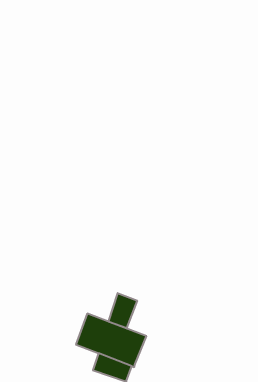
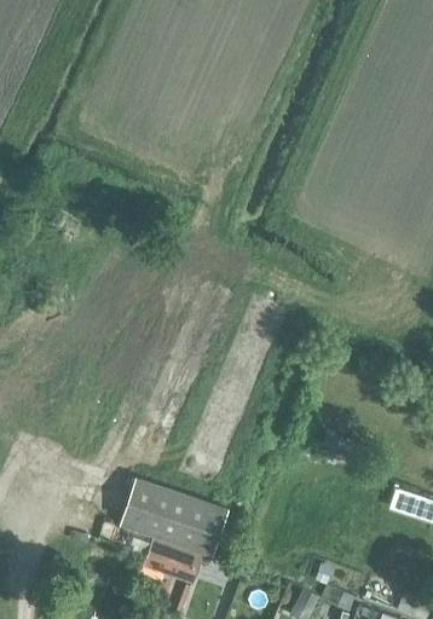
building: [109,293,137,328] -> none

